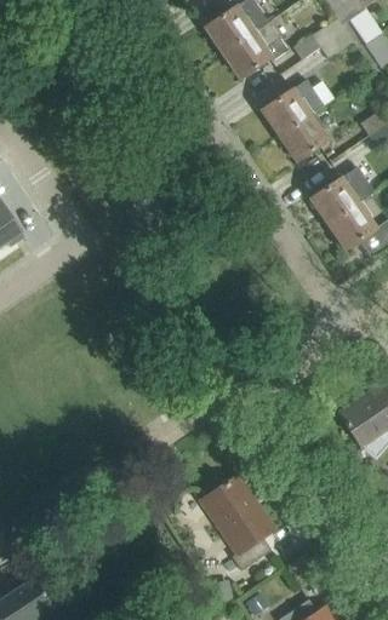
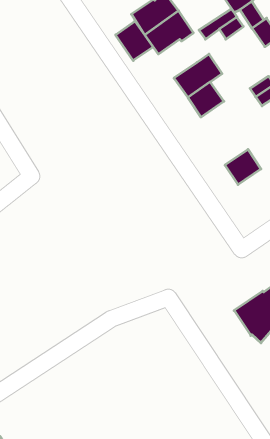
building: none -> [116,21,153,61]
building: [309,165,375,223] -> none
building: [201,475,272,569] -> none

